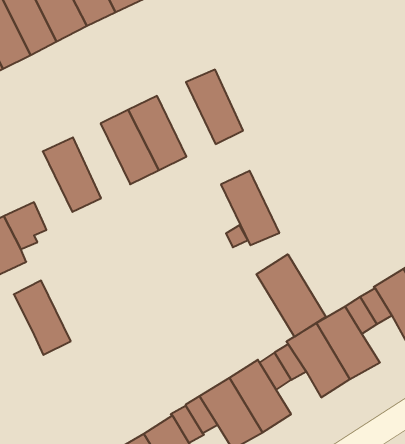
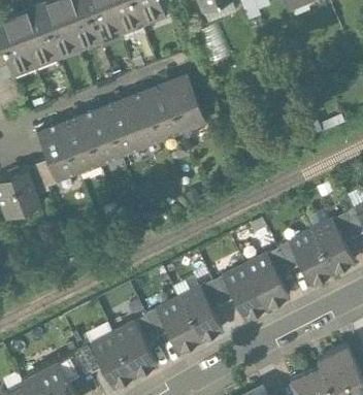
building: none -> [80,106,119,160]
building: [221,171,279,245] -> [143,81,183,135]
building: [256,254,326,337] -> none
building: [14,281,71,355] -> [37,123,75,176]

